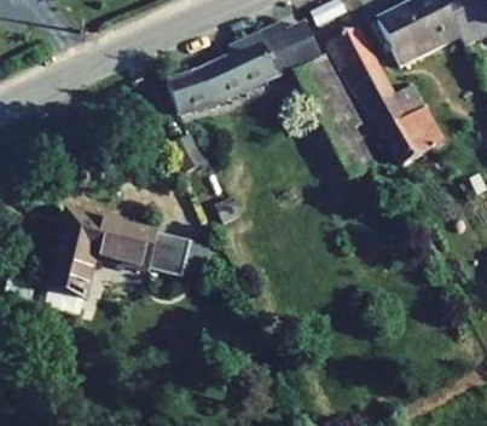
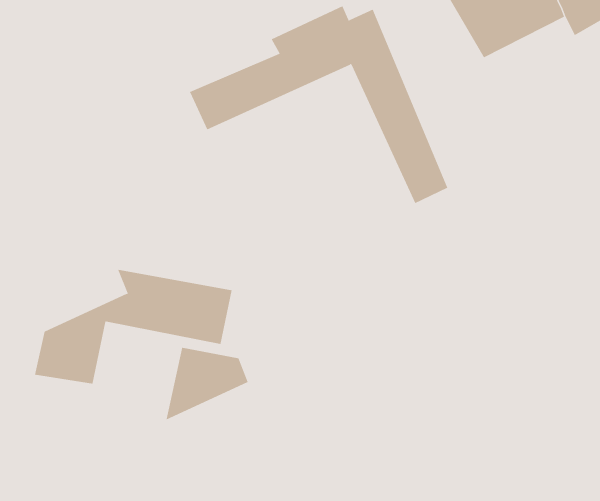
building: [327,27,448,166] -> none
building: [59,212,122,267] -> [165,347,249,421]

